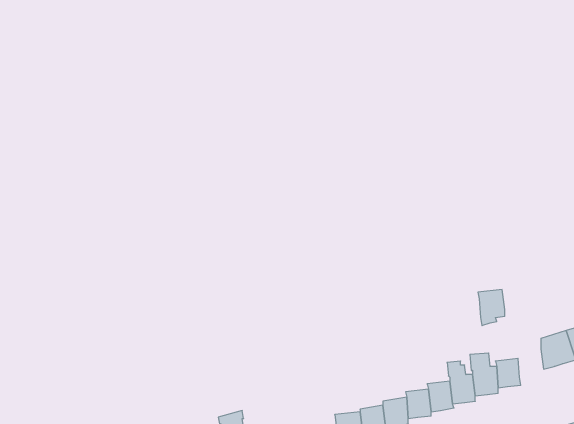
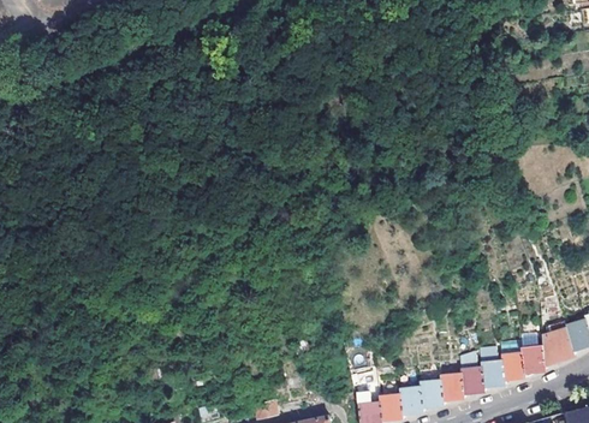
building: [478,290,505,326] -> [520,345,545,377]

